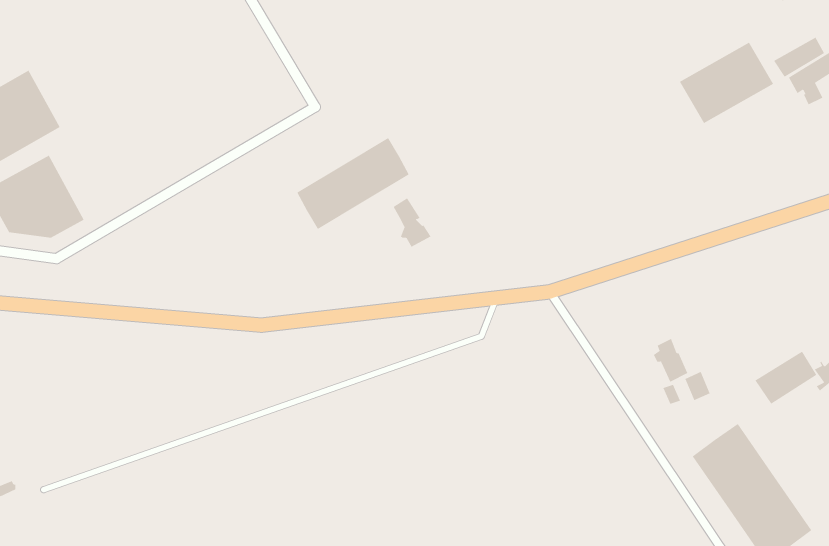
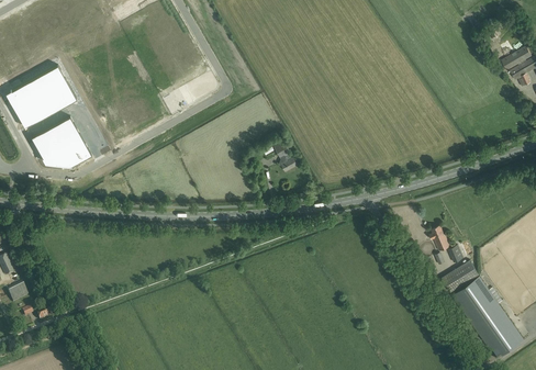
building: [679,42,774,124] -> none
building: [296,137,410,230] -> none
building: [754,351,817,404] -> [440,261,478,293]

